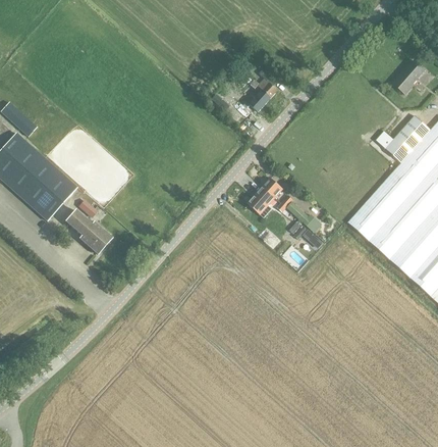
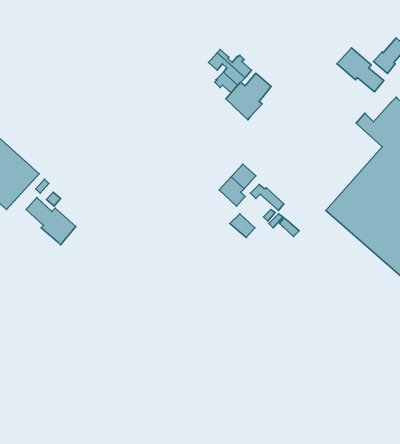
building: none -> [337,48,384,92]
building: none -> [226,73,271,120]

